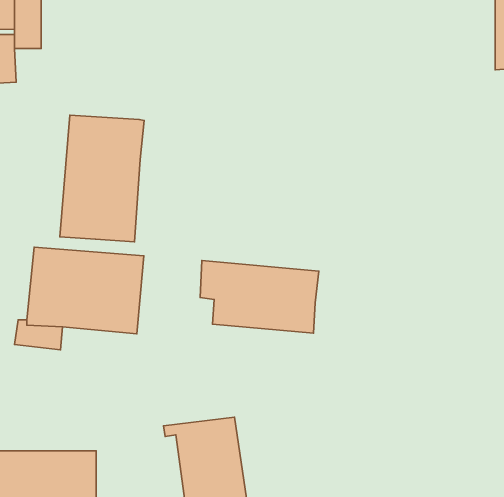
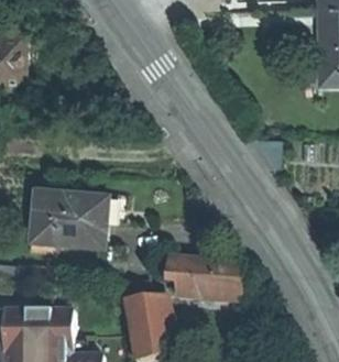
building: [60,115,144,242] -> none
building: [200,260,319,333] -> [166,257,240,303]

